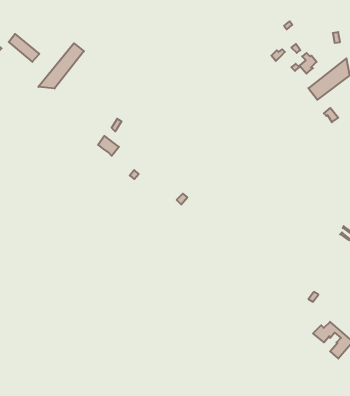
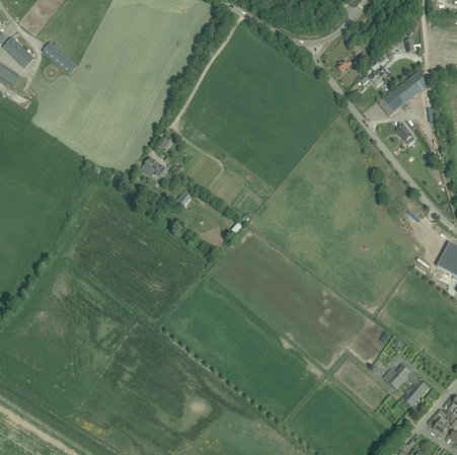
building: [38,43,84,89] -> none

